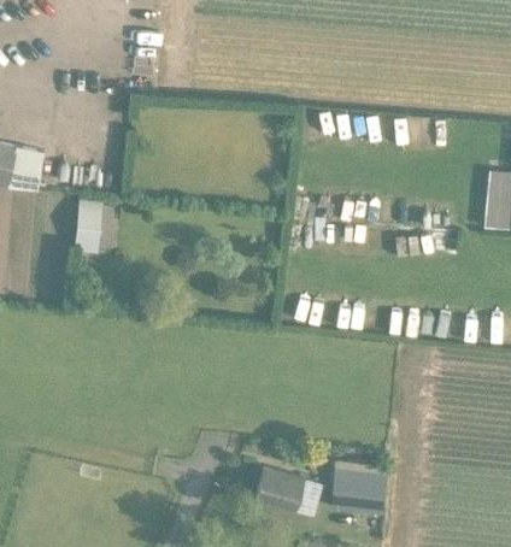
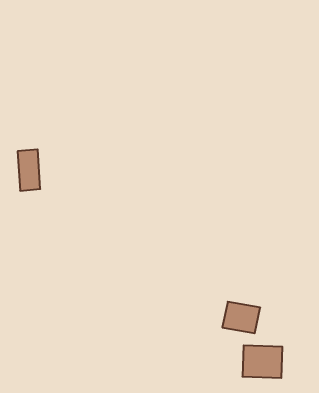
building: [256,469,305,511] -> [222,302,260,333]

